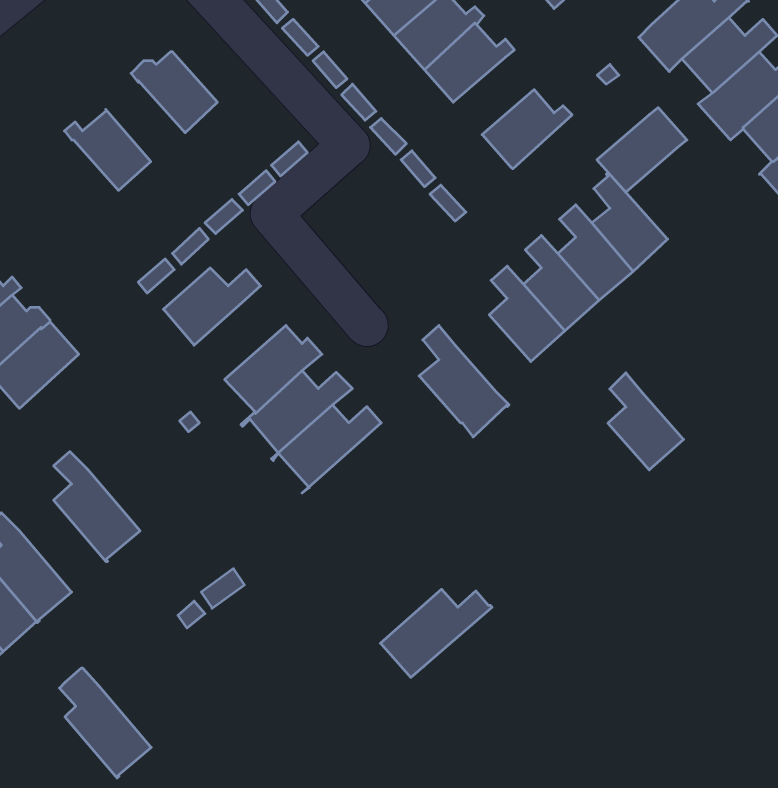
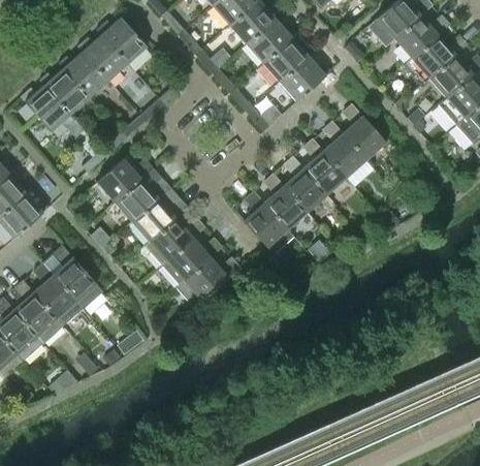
building: none -> [96,17,147,63]
building: none -> [58,51,108,97]
building: [597,108,687,192] -> [262,33,314,82]
building: none -> [20,85,84,137]
building: none -> [114,178,169,222]
building: [608,373,684,470] -> [263,174,307,229]
building: none -> [53,245,102,309]
building: [380,589,492,677] -> [175,256,239,307]
building: [59,668,151,778] -> [10,281,63,344]

